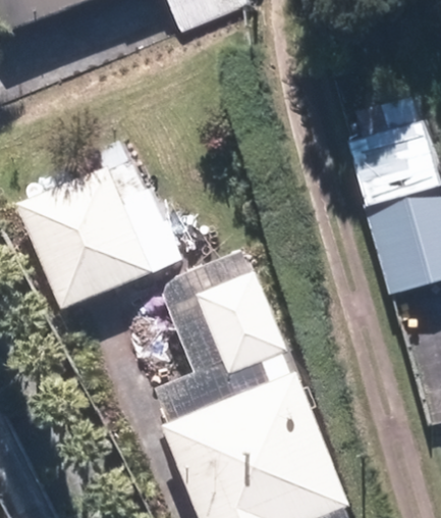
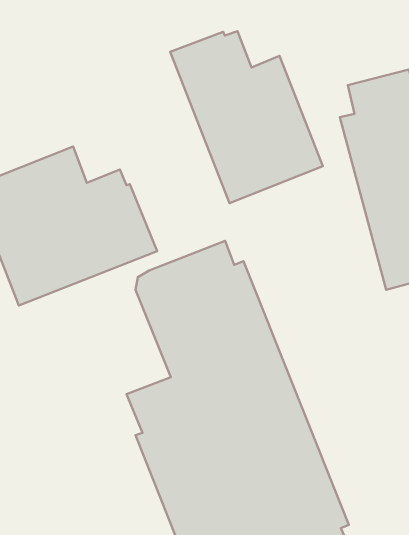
building: none -> [170,31,323,203]

